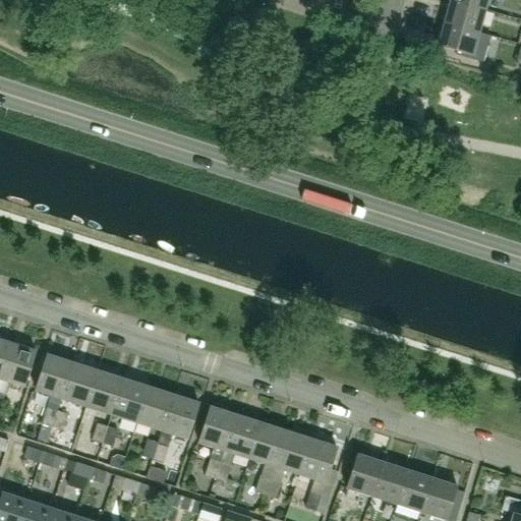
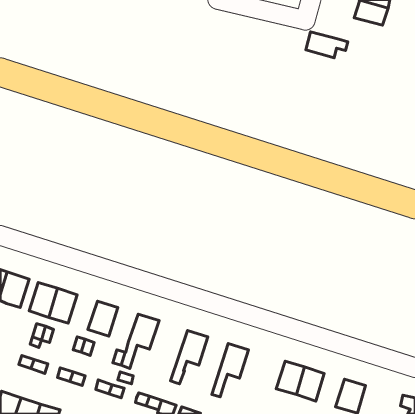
building: [438,22,490,55] -> [306,32,348,58]
building: [85,369,122,413] -> none
building: [136,386,173,429] -> none
building: [198,406,235,477] -> none
building: [249,422,286,495] -> none
building: [300,439,337,513] -> none
building: [396,468,431,510] -> none

